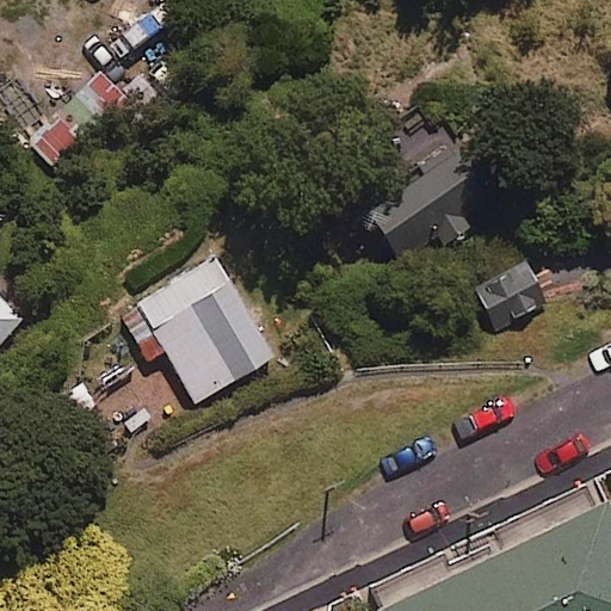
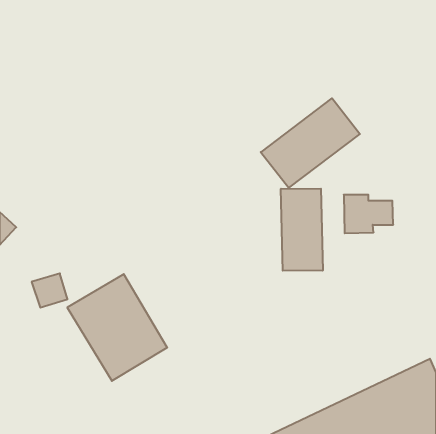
building: [134,255,273,405] -> [67,274,167,381]
building: none -> [281,189,323,271]

